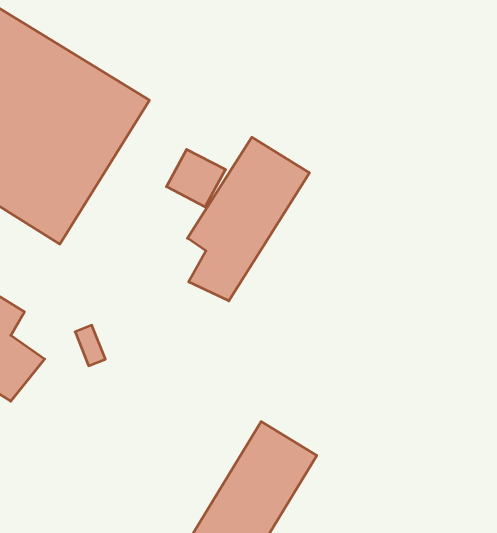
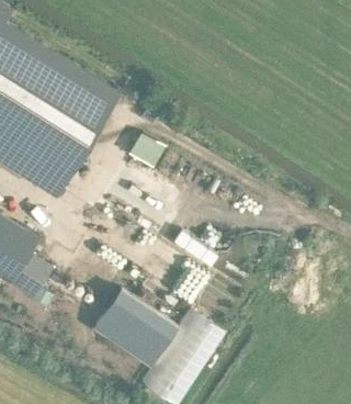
building: [187,137,309,301] -> none
building: none -> [92,288,174,366]

